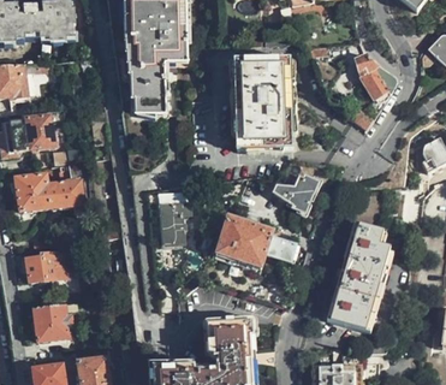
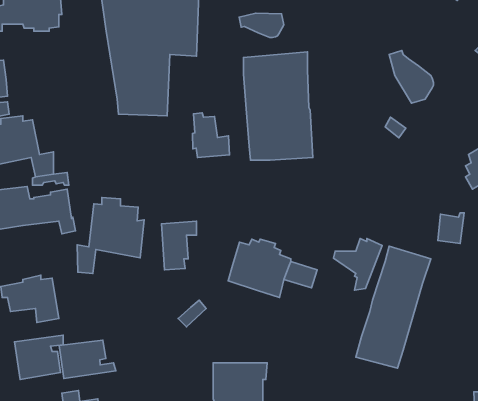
building: none -> [239,13,284,38]
building: none -> [193,113,230,158]
building: [274,176,316,220] -> [334,239,382,290]
building: none -> [77,198,144,274]
building: none -> [59,340,116,378]

